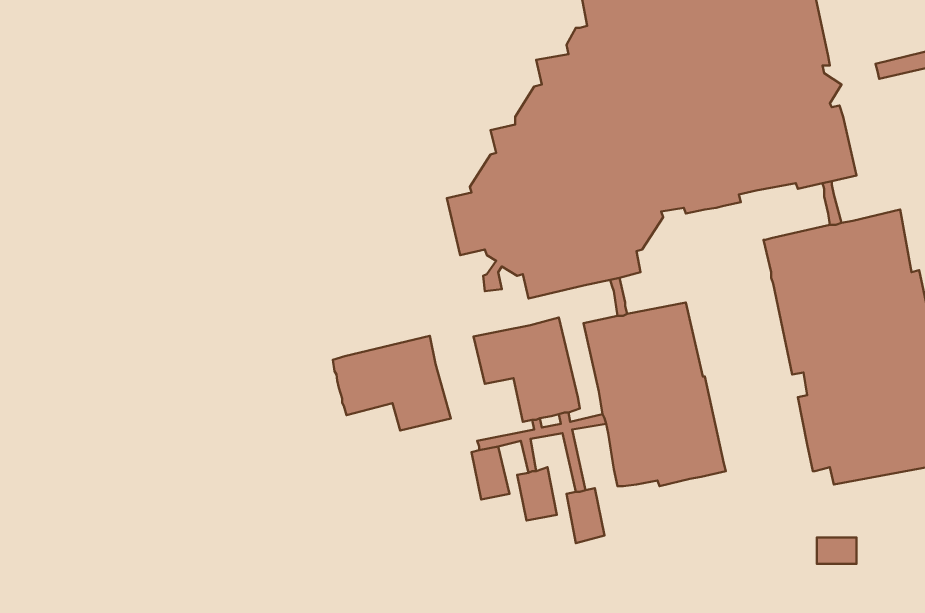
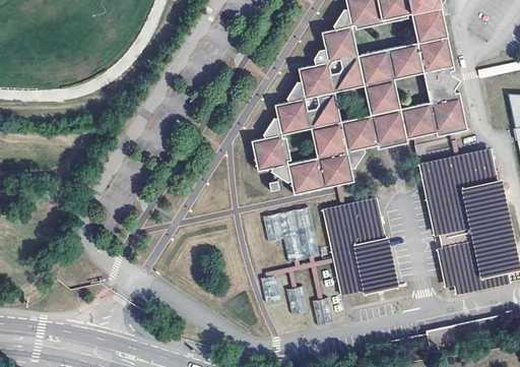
building: [333,336,451,430] -> none

